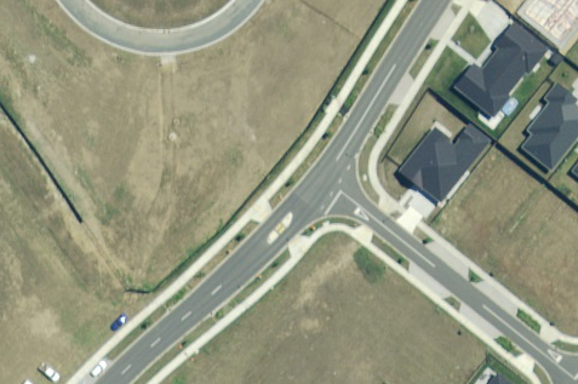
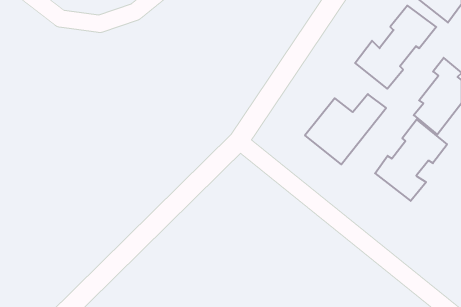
building: none -> [375,119,447,201]

